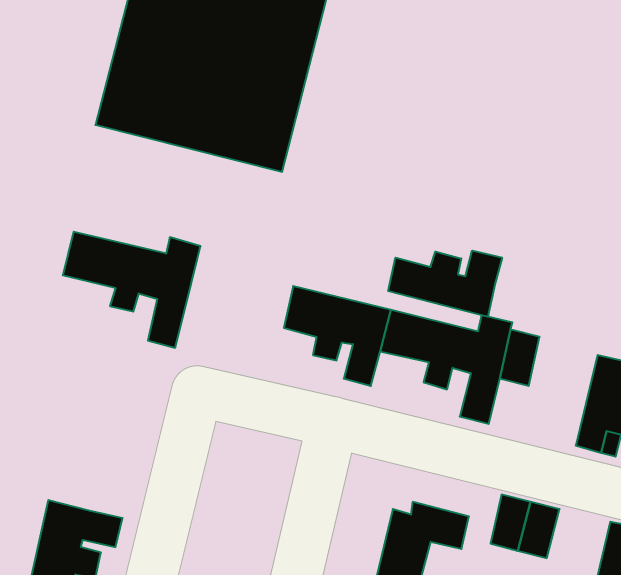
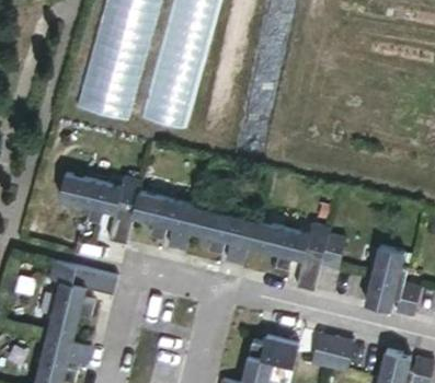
building: [388,251,502,317] -> none
building: none -> [130,190,195,251]
building: none -> [47,260,115,341]

